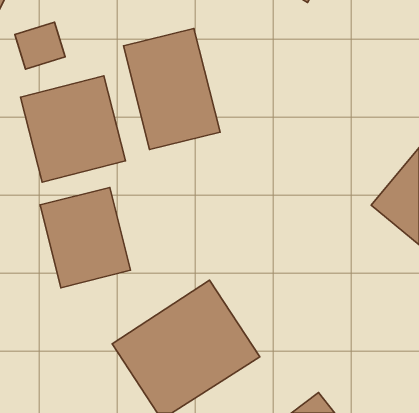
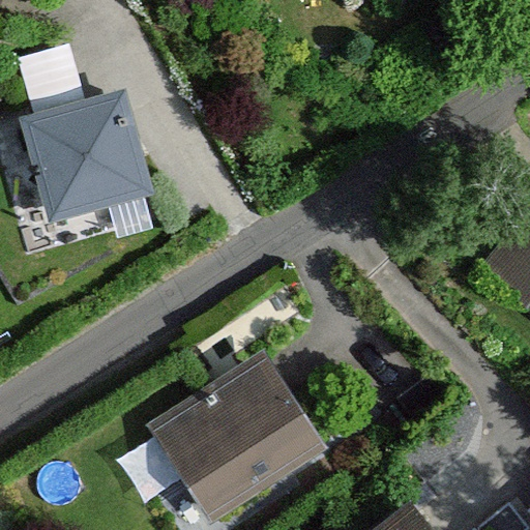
building: [123,28,220,149] -> none
building: [40,187,130,288] -> none

